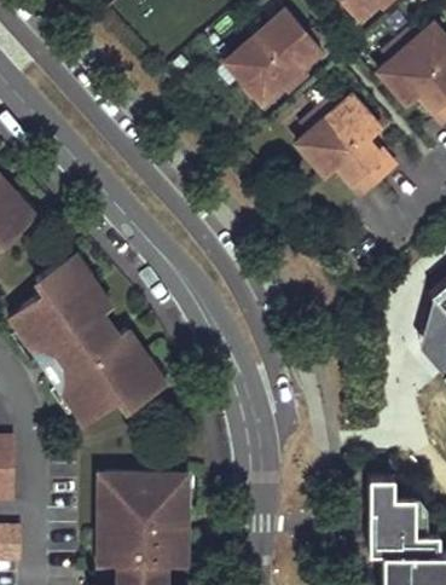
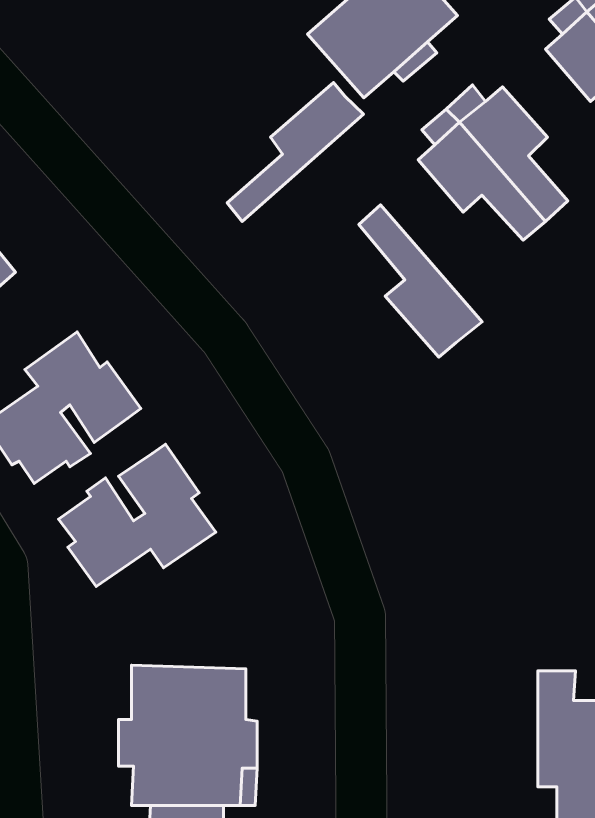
building: none -> [227,83,364,221]
building: none -> [359,205,482,357]
building: [46,303,122,378] -> none

